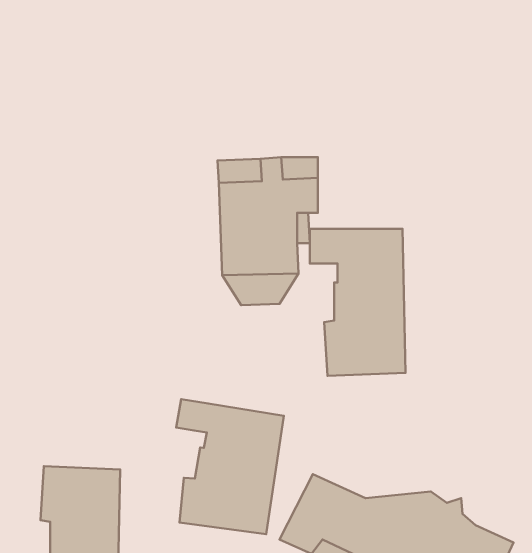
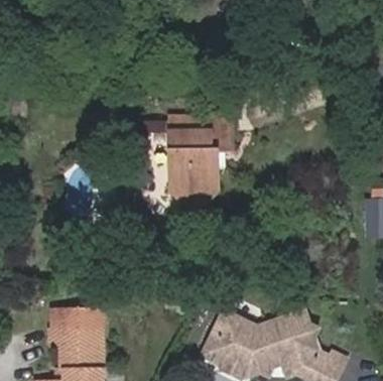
building: [310,229,406,376] -> none
building: [176,399,284,534] -> none

